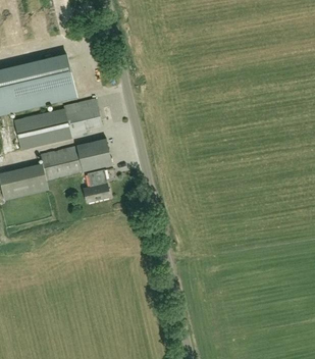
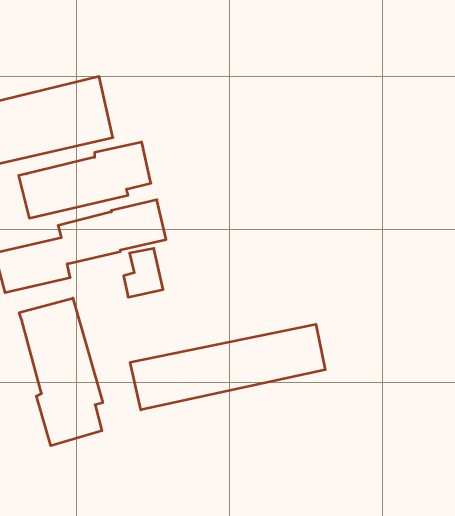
building: none -> [19,298,103,446]
building: none -> [130,324,325,410]

